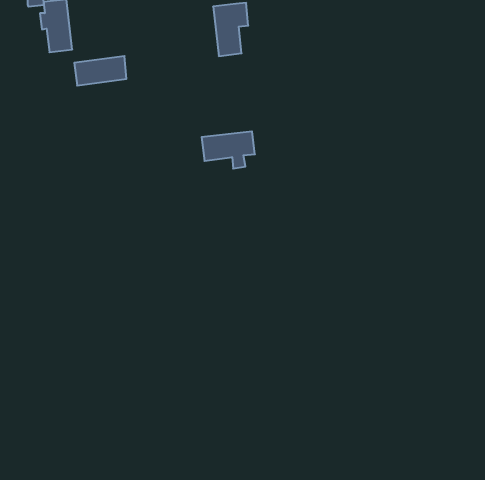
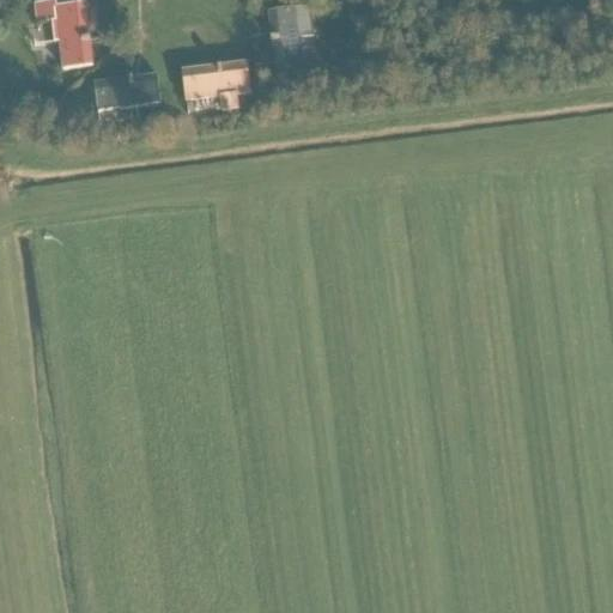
building: [202,131,255,169] -> [182,60,249,107]

